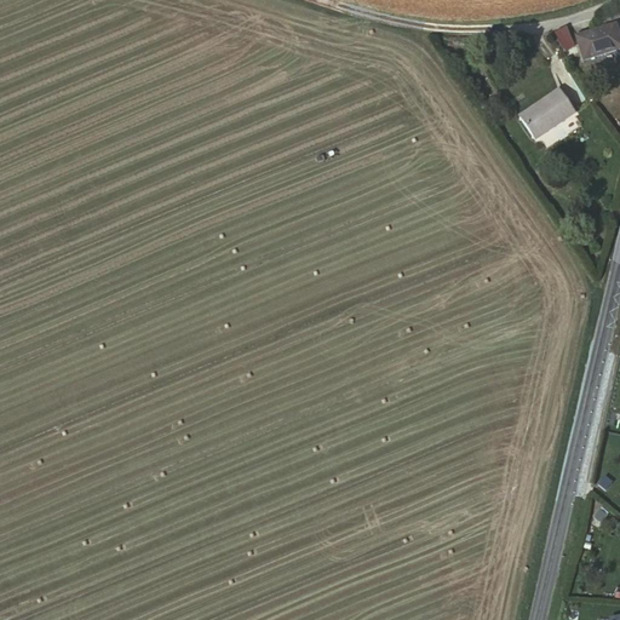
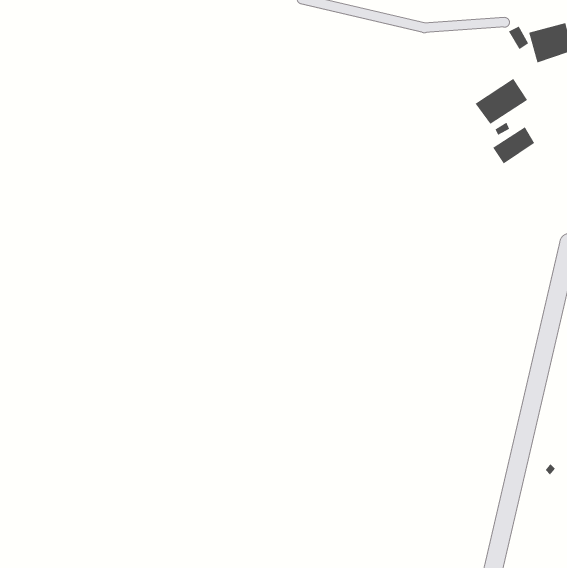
building: none -> [492,126,535,164]

